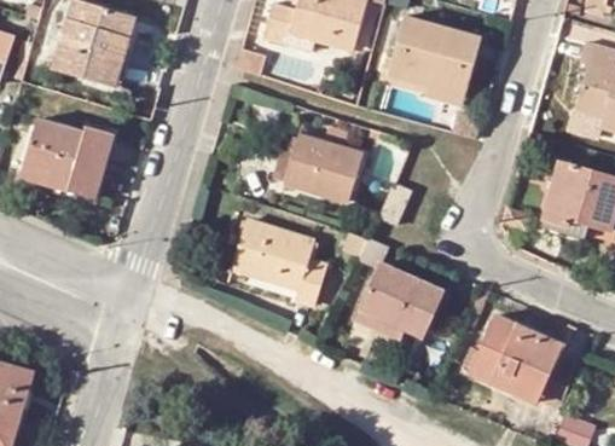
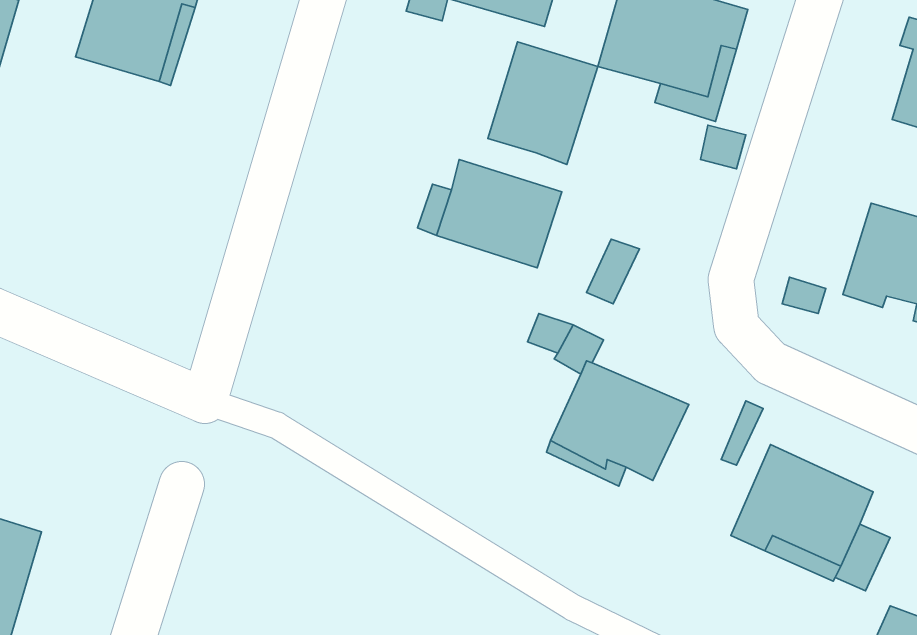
building: none -> [488,42,598,164]
building: [18,120,112,199] -> none
building: [231,220,326,306] -> none

